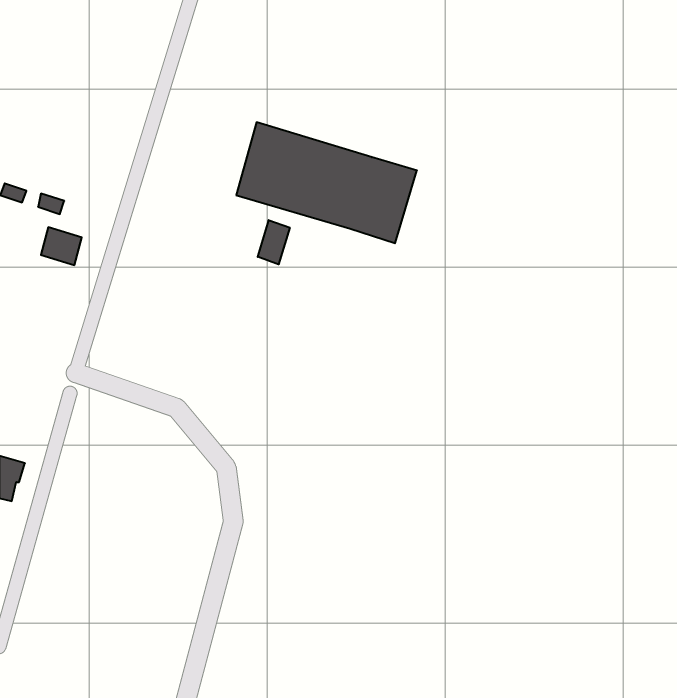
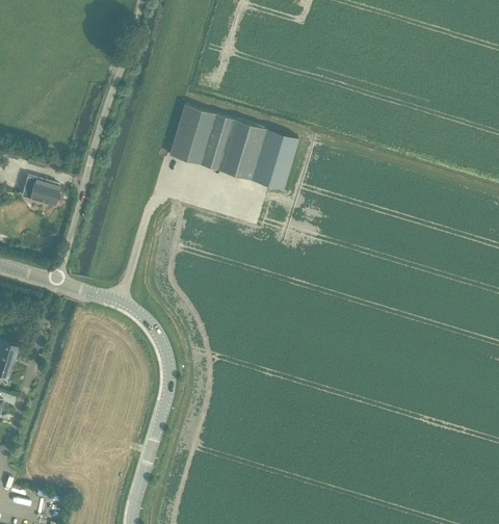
building: [258,220,290,264] -> none

